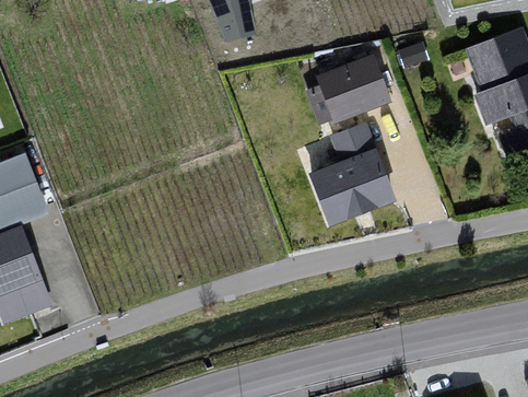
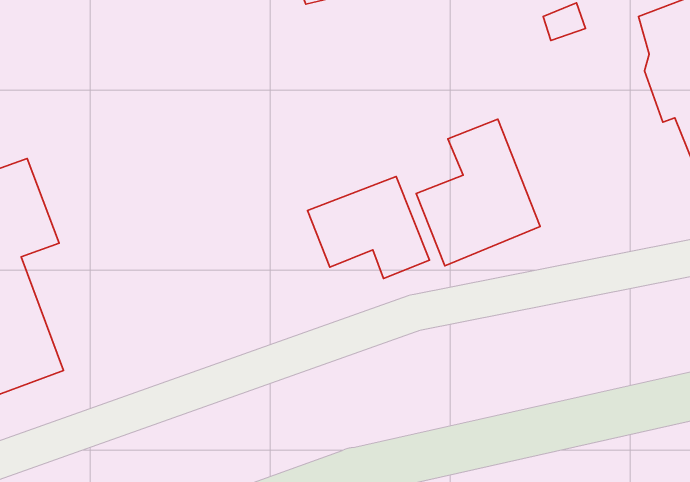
building: [315,57,388,125] -> none
building: none -> [307,177,429,279]

